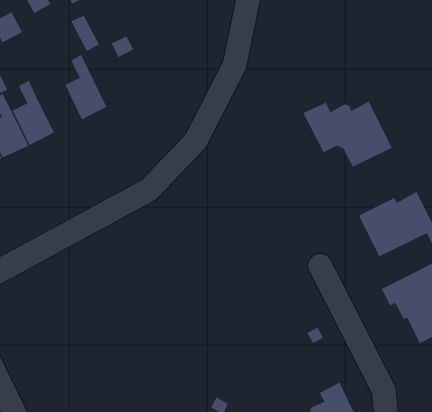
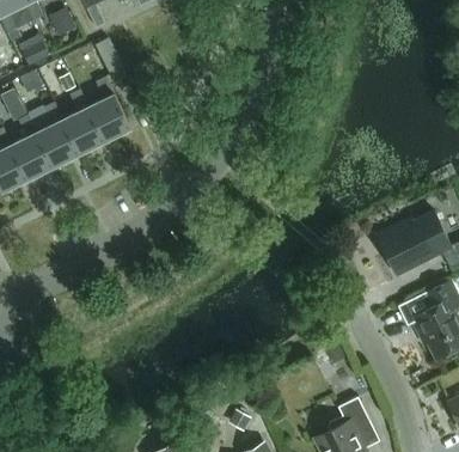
building: none -> [62,90,105,153]
building: [303,101,392,168] -> none

